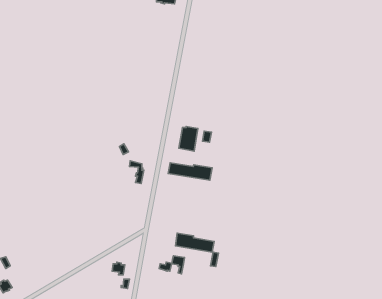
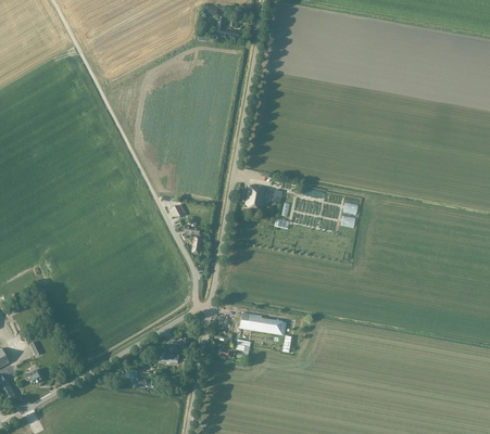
building: [168,163,212,180] -> none

